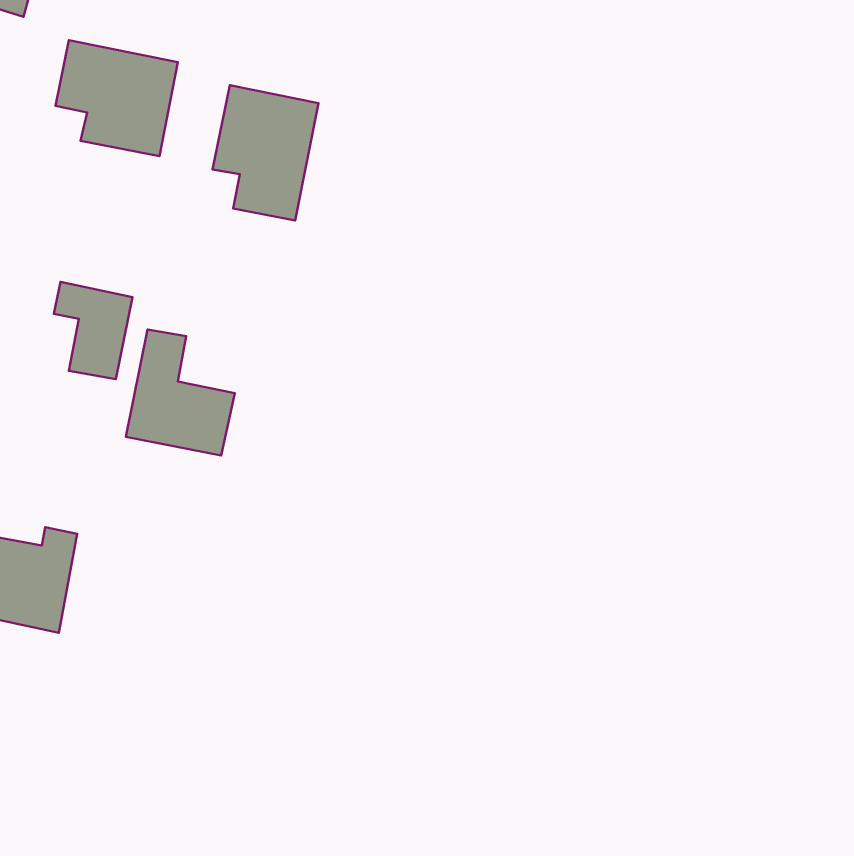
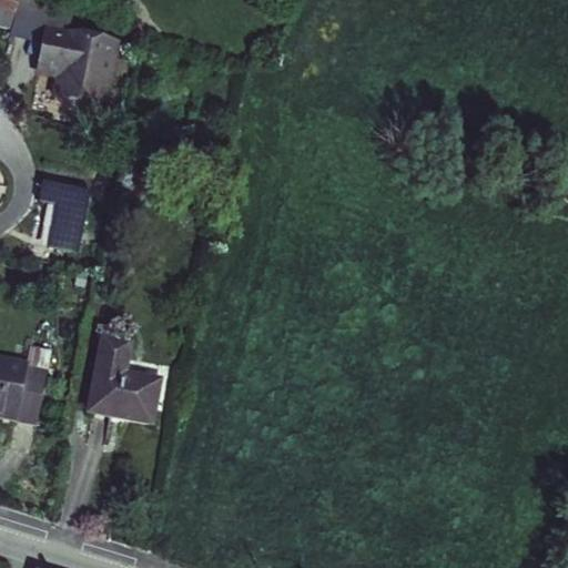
building: [212,85,319,221] -> none
building: [126,329,235,455] -> [89,336,161,419]

